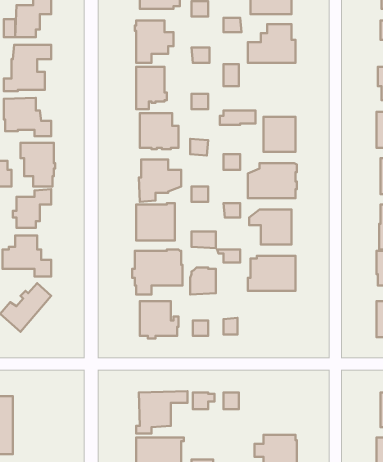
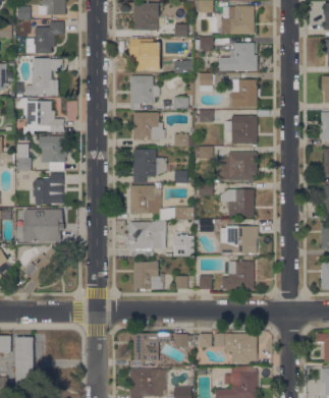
building: none -> [232,79,257,107]
building: none -> [222,262,254,289]
building: none -> [225,334,258,362]

